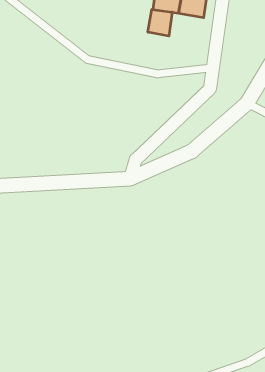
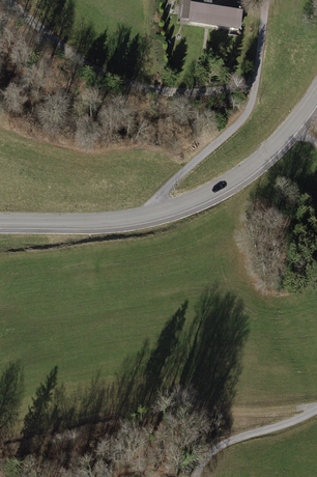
building: [148,9,172,36] -> none

